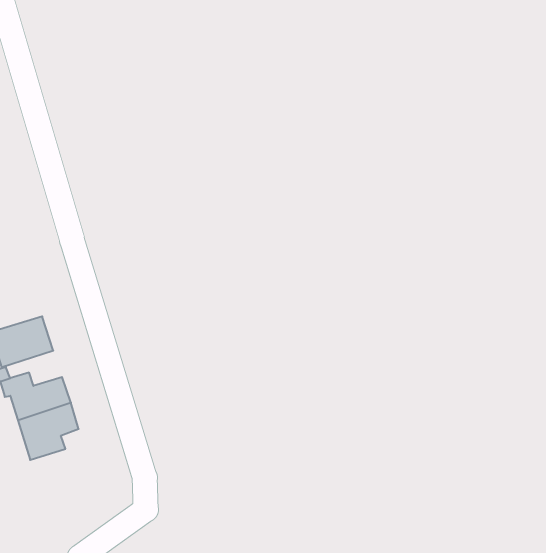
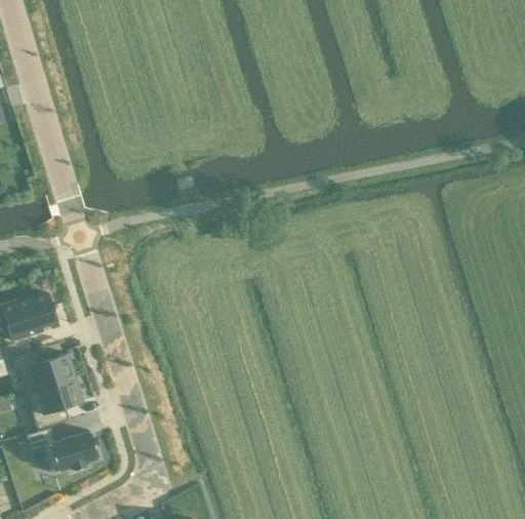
building: none -> [28,427,99,472]

